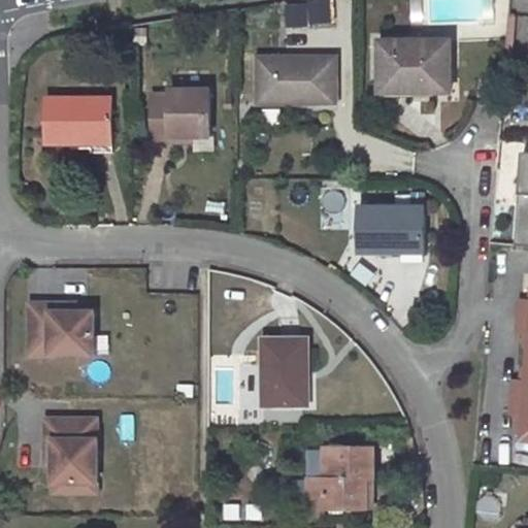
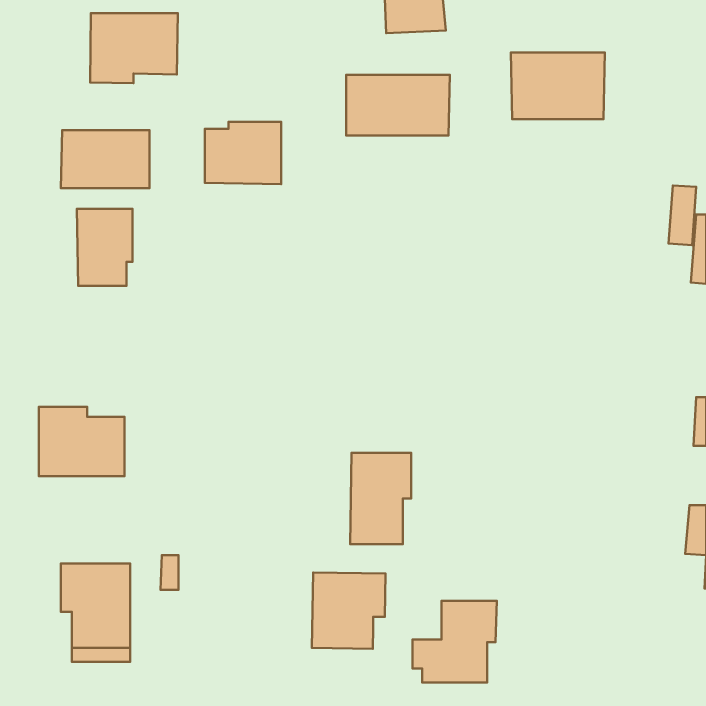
building: none -> [90,13,178,83]
building: none -> [77,209,133,286]
building: [358,205,425,250] -> none
building: none -> [312,572,386,649]

